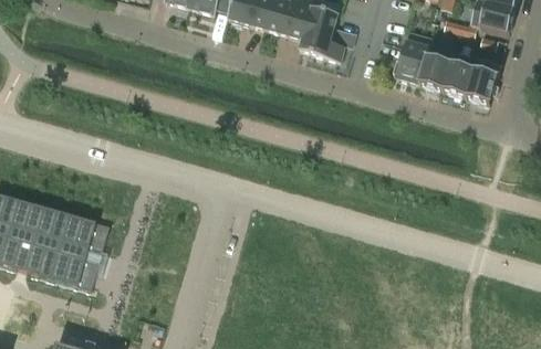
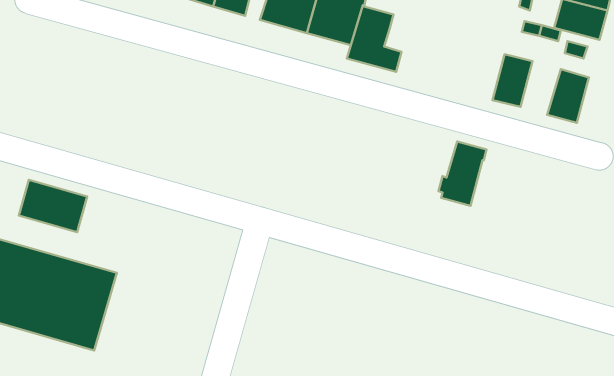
building: [394,31,434,84] -> [438,141,487,206]
building: [444,52,477,96] -> none
building: none -> [19,180,87,232]

